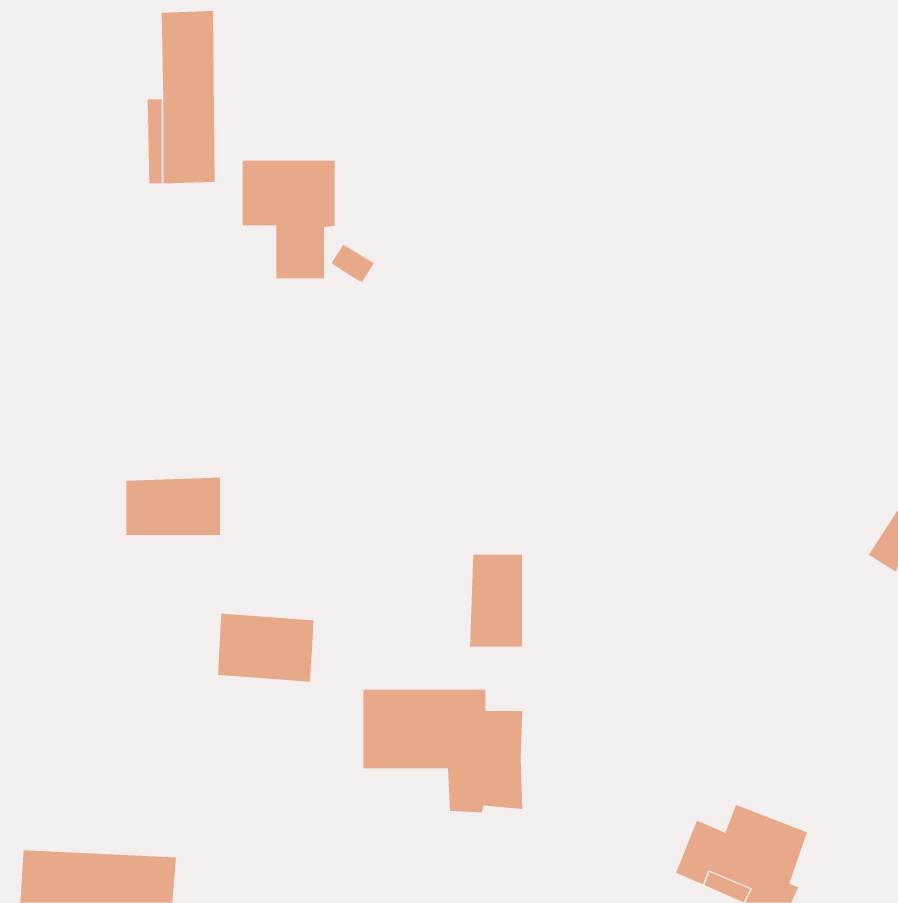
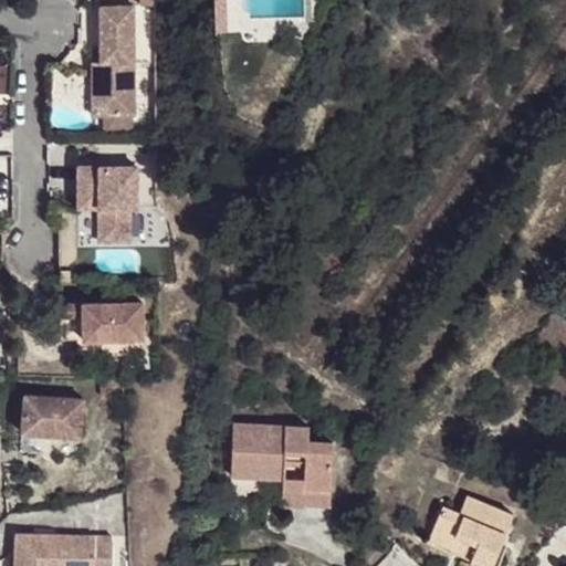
building: [242,160,336,279] -> [76,168,135,242]
building: [470,554,523,648] -> none
building: [217,613,314,682] -> [25,392,86,436]

